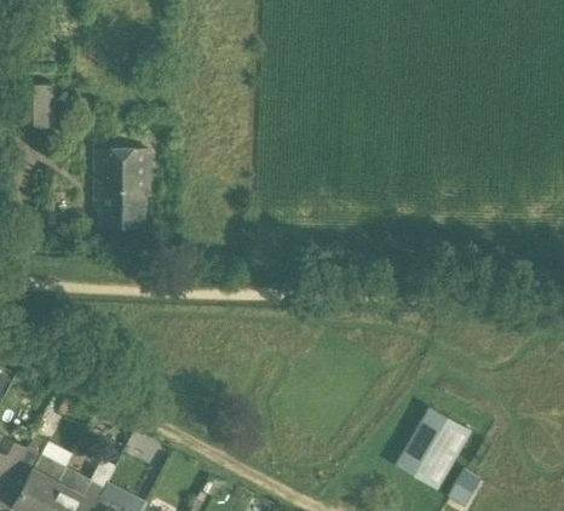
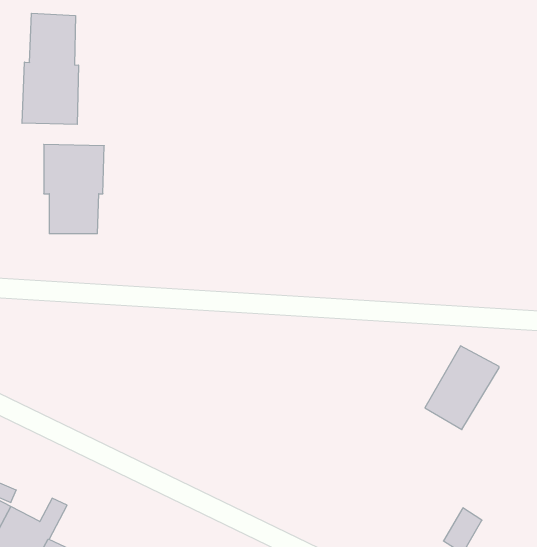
building: none -> [22,13,78,124]
building: [403,414,468,488] -> [425,346,499,430]

